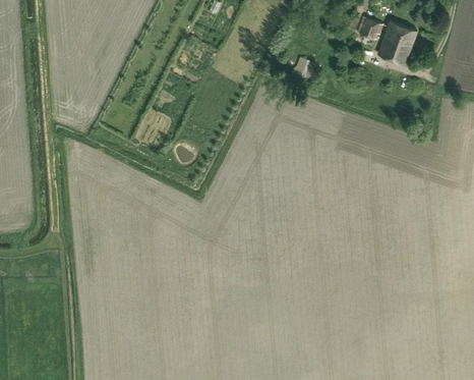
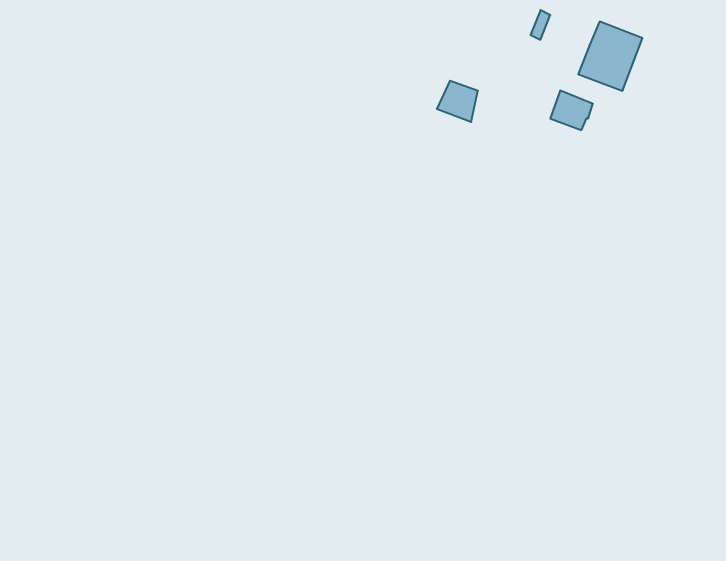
building: [357,16,383,41] -> [550,91,593,130]

